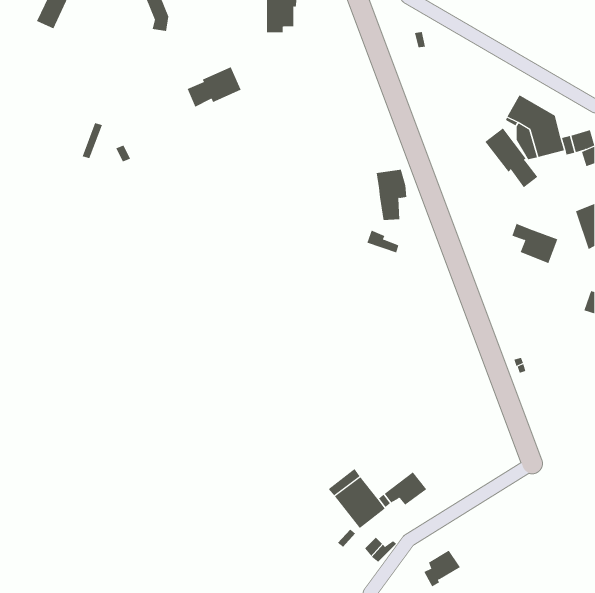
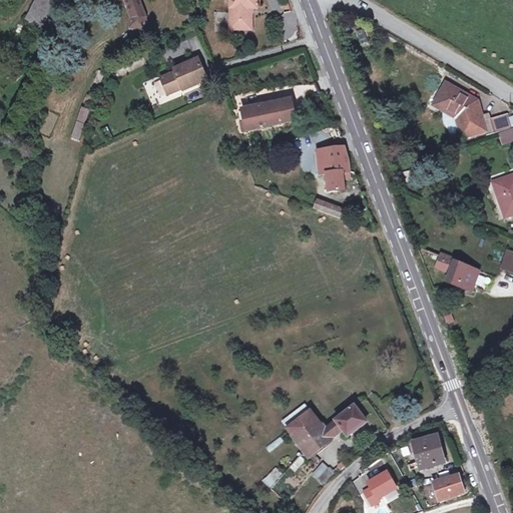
building: none -> [239,97,295,129]
building: [485,128,538,188] -> none
building: [512,223,558,264] -> [439,254,479,290]
building: none -> [414,435,444,467]
building: none -> [434,473,464,498]

